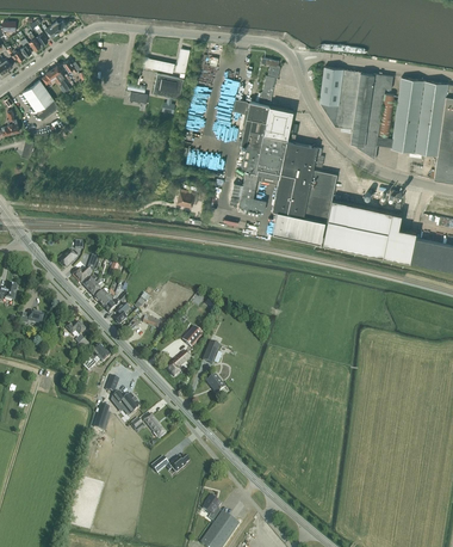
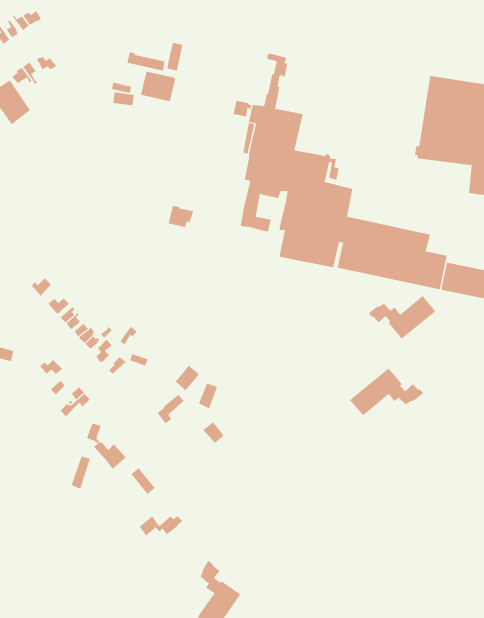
building: [319,67,395,158] -> none
building: none -> [368,295,436,340]
building: none -> [349,368,424,416]

